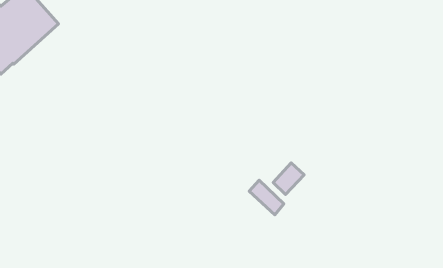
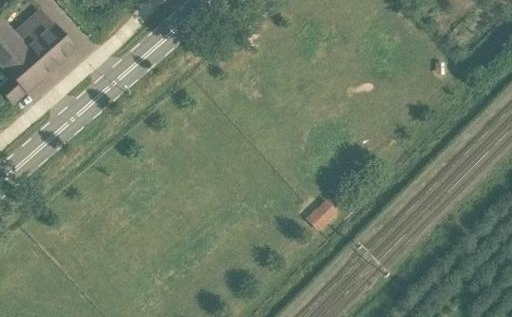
building: [249,180,284,215] -> none

